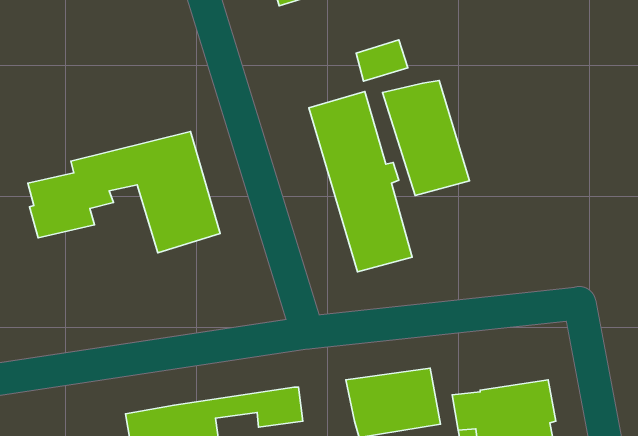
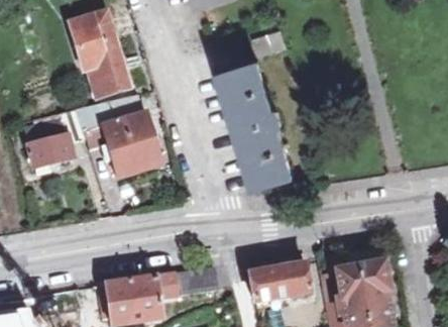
building: none -> [71,12,131,99]
building: [382,81,469,195] -> none

